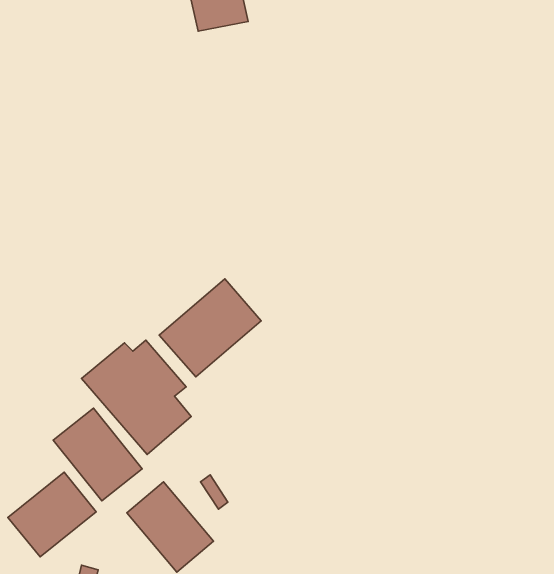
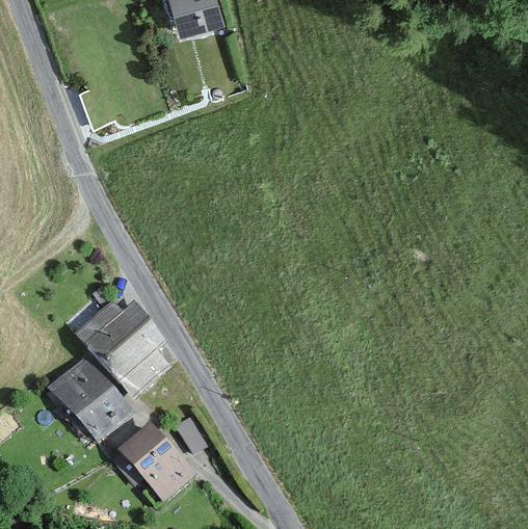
building: [159,279,261,377] -> none
building: [8,472,96,557] -> none

